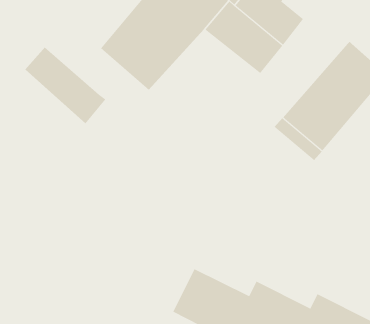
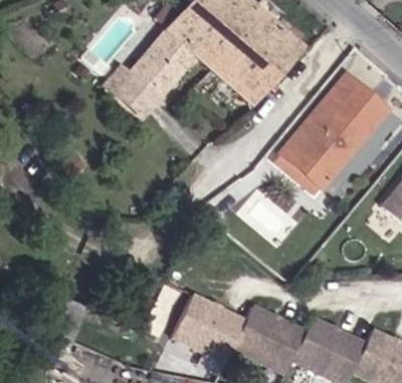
building: [24,47,106,124] -> none

